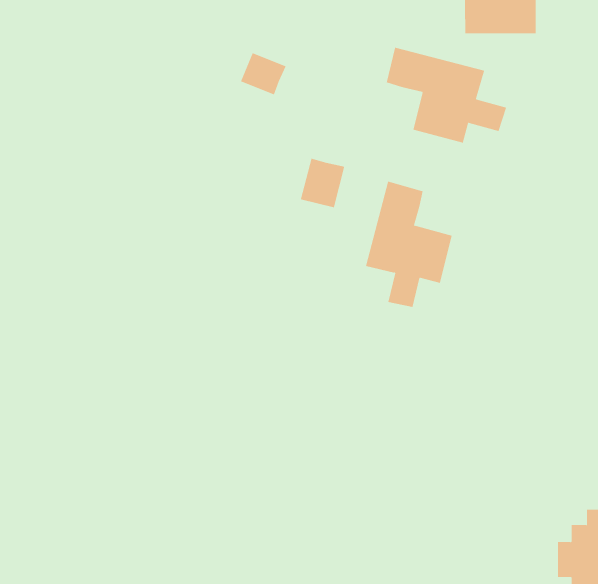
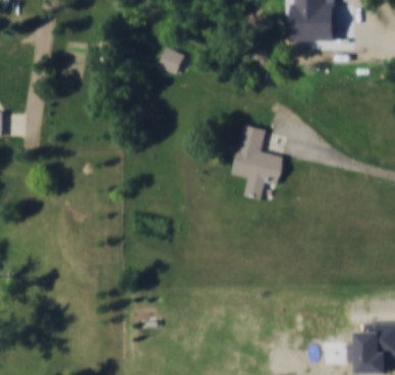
building: [386,47,507,144] -> none
building: [300,158,345,208] -> none

